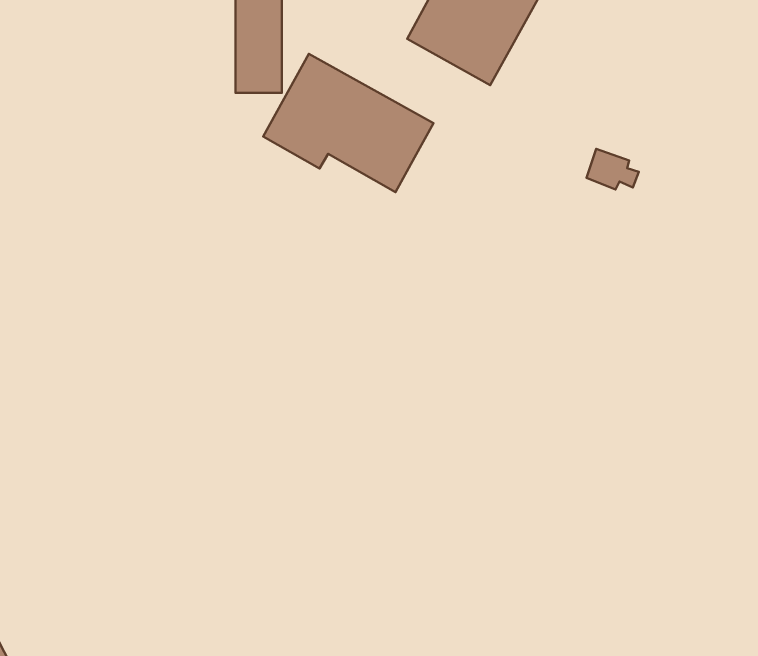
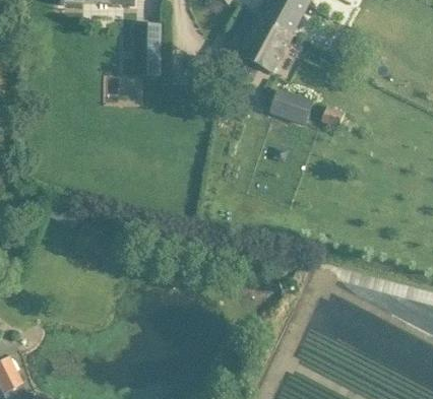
building: [263,54,434,192] -> none
building: none -> [274,90,316,124]

